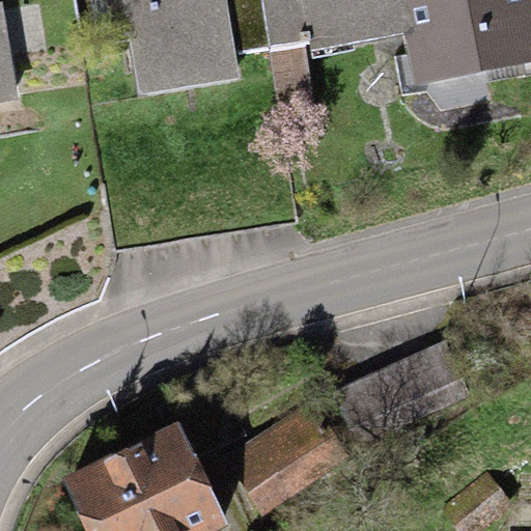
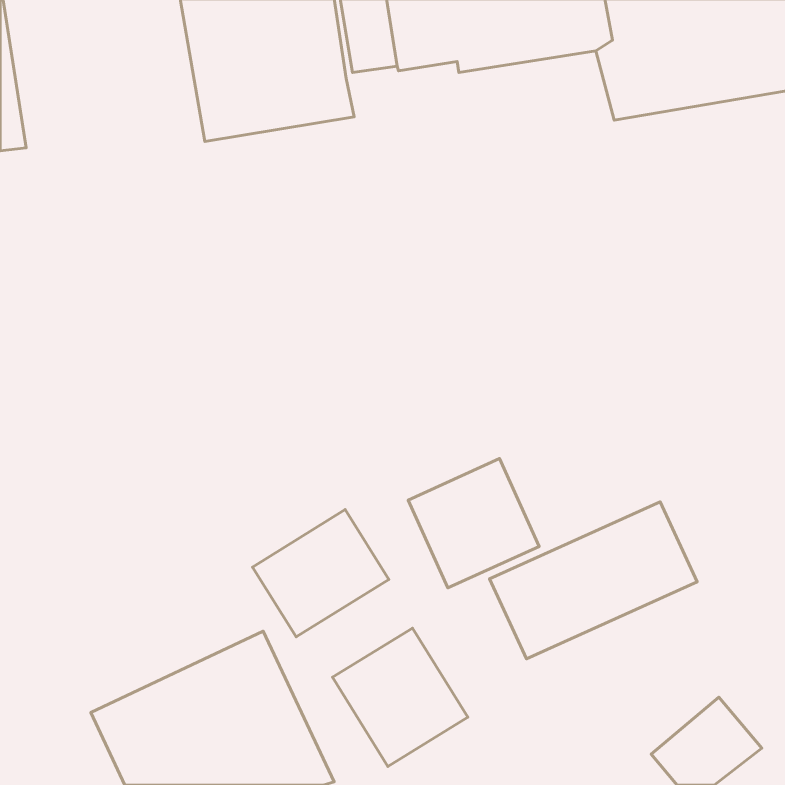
building: none -> [408,459,539,588]
building: none -> [252,510,389,637]

